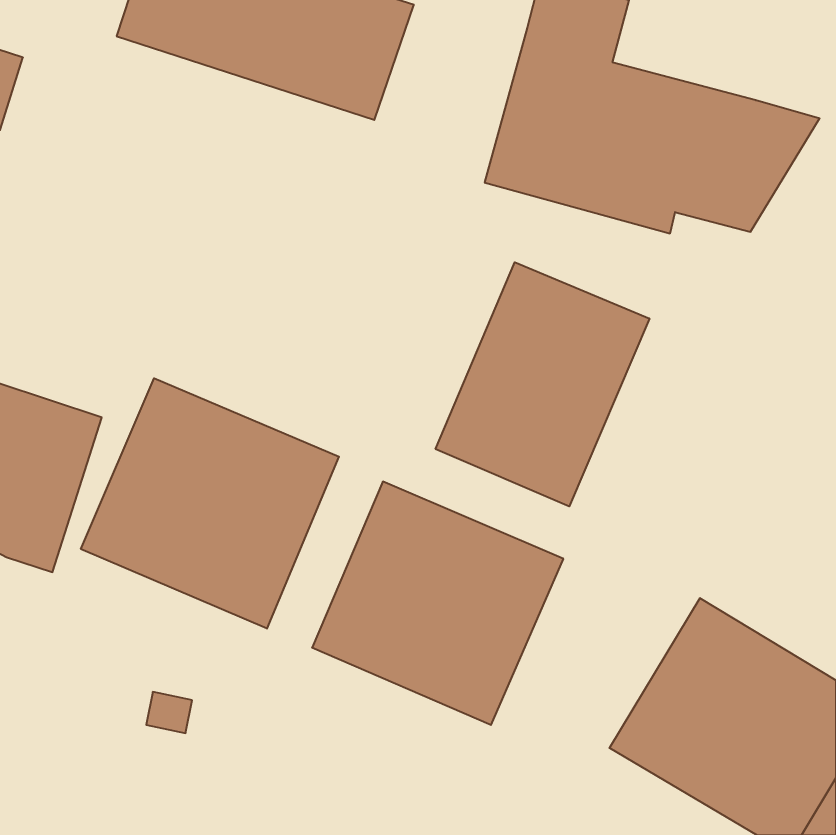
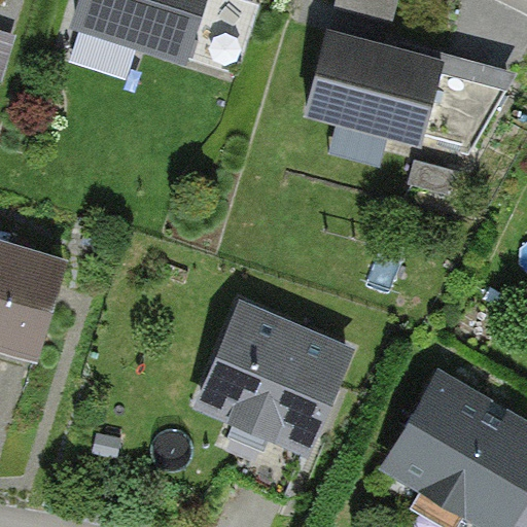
building: [436,262,649,506] -> none
building: [81,378,339,629] -> none

